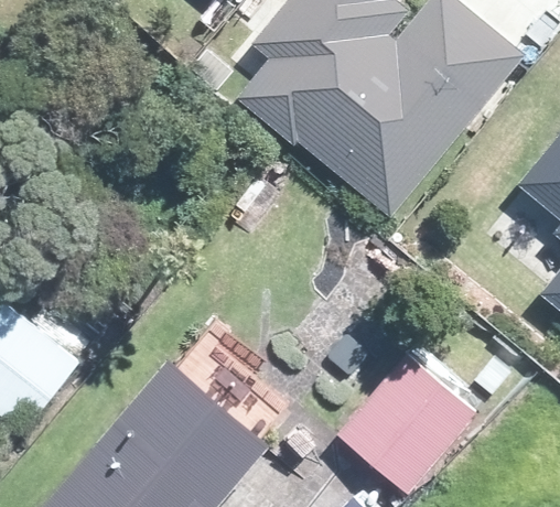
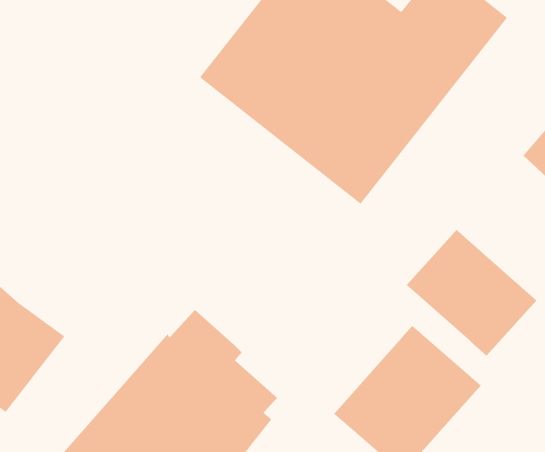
building: none -> [406,229,537,357]

